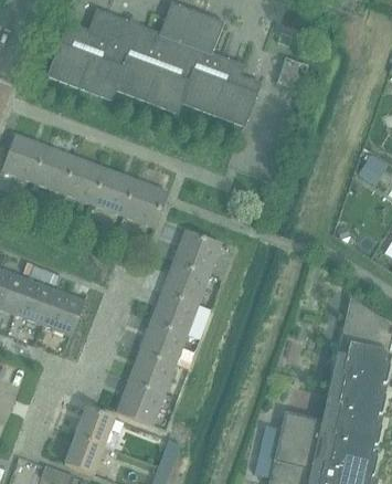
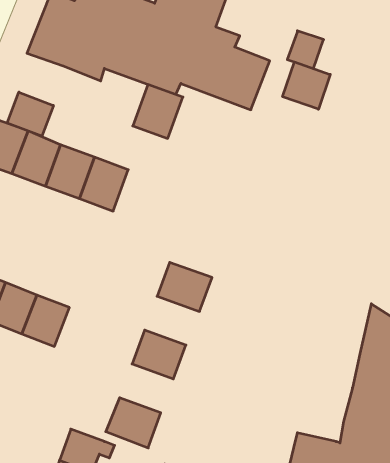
building: none -> [283,62,330,109]
building: none -> [7,92,53,136]
building: [123,179,167,227] -> [133,85,183,138]
building: [172,230,221,274] -> none
building: [150,291,199,334] -> none
building: [128,350,176,393] -> none

